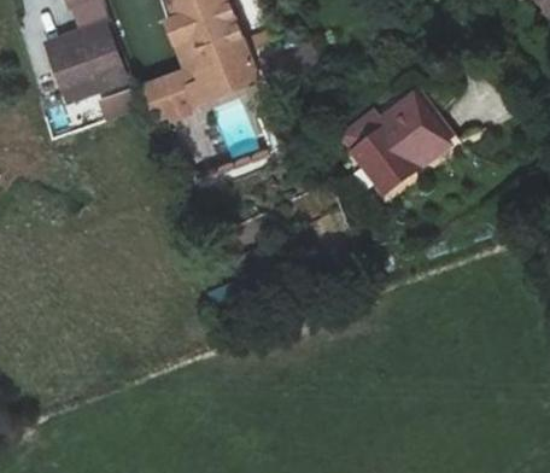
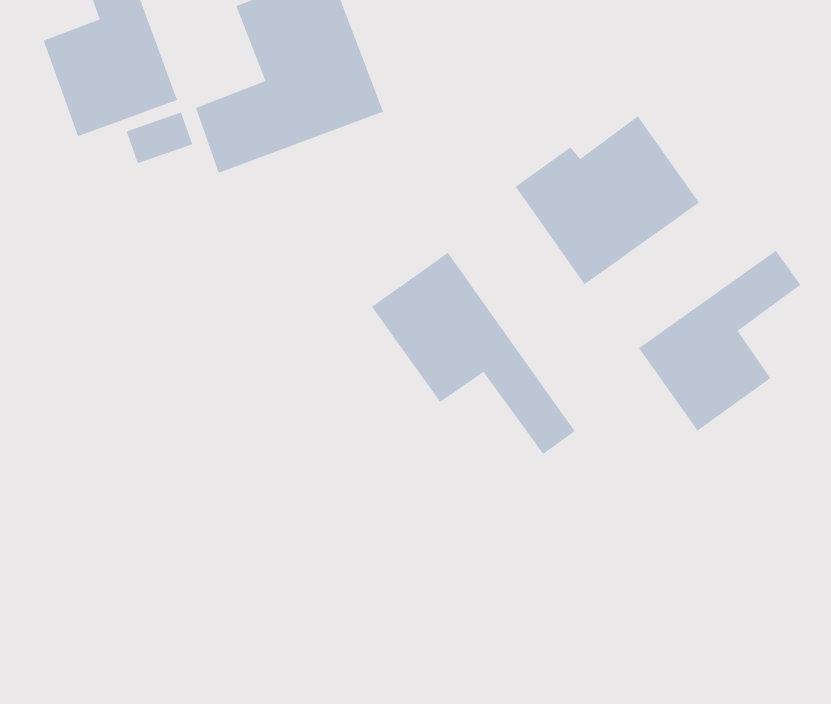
building: none -> [638,250,801,431]
building: none -> [371,252,576,455]

